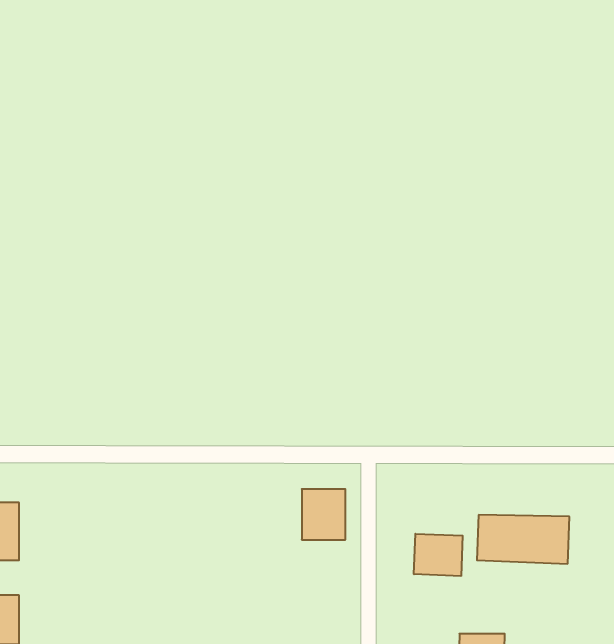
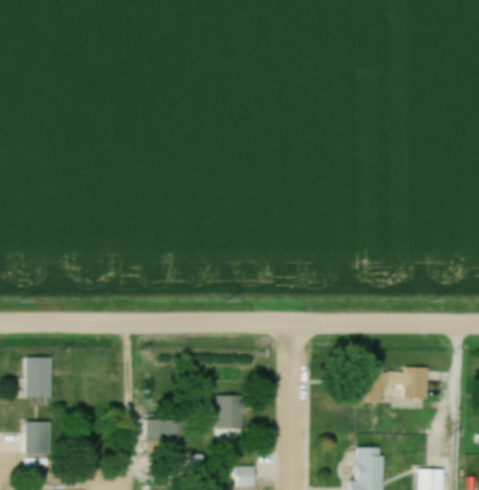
building: [302,489,345,540] -> [214,396,244,431]
building: [414,534,463,576] -> none

